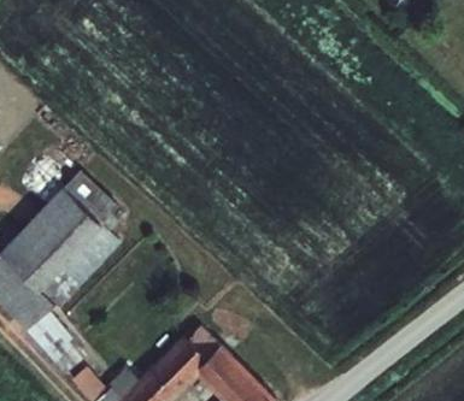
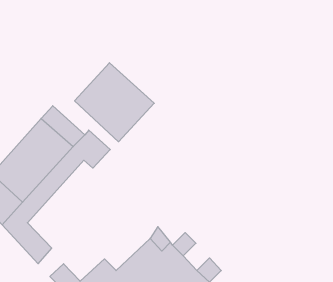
building: none -> [75,63,154,142]

